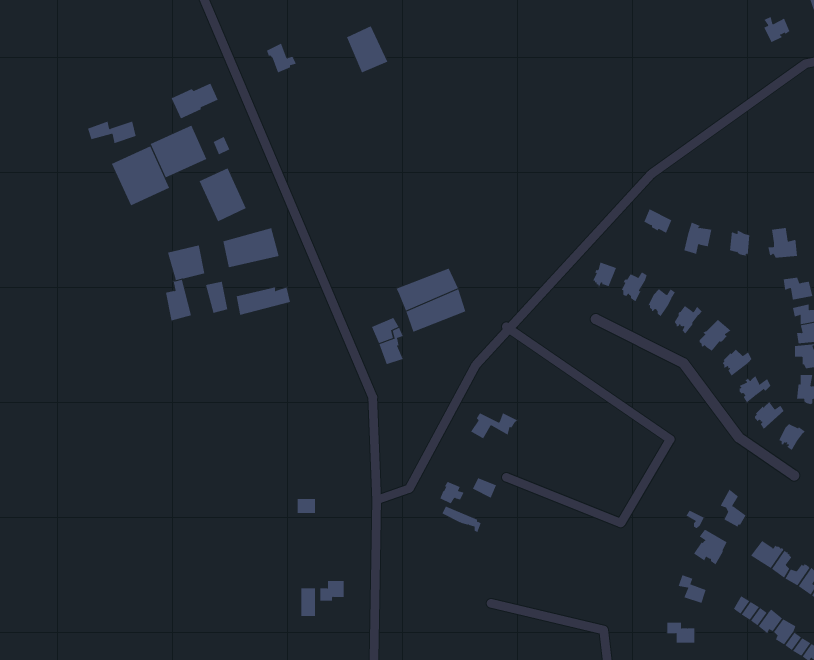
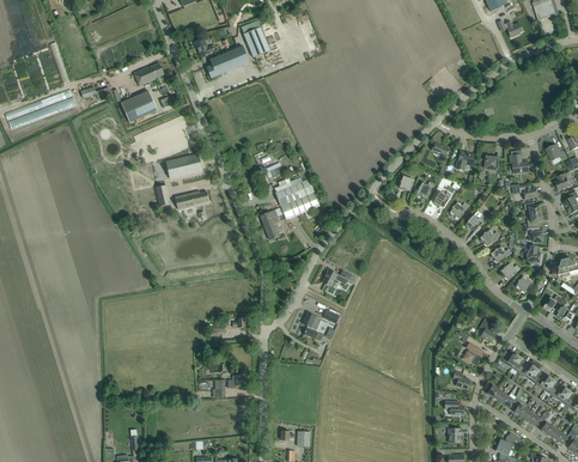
building: none -> [206,45,250,78]
building: [111,145,170,206] -> none
building: [199,167,247,222] -> none

